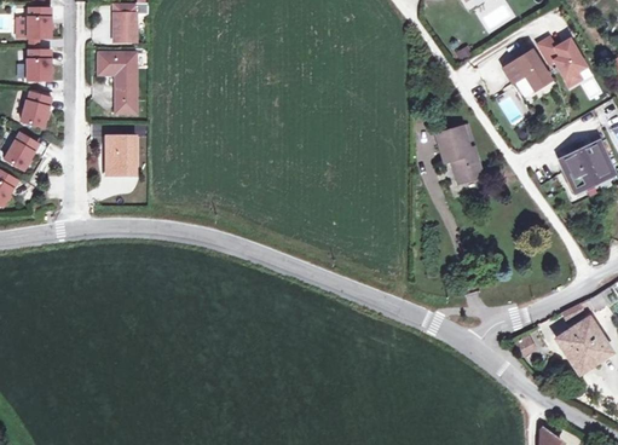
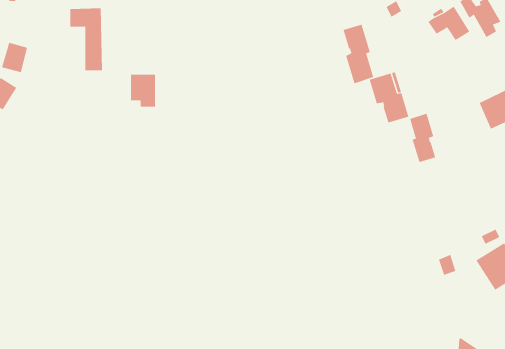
building: [27,48,51,79] -> none
building: none -> [343,24,374,84]
building: [106,135,135,173] -> [130,74,156,107]
building: none -> [409,113,436,163]

